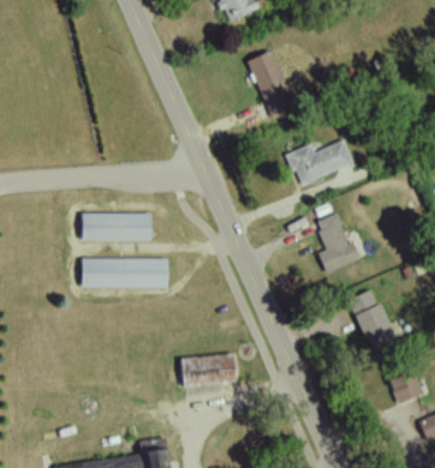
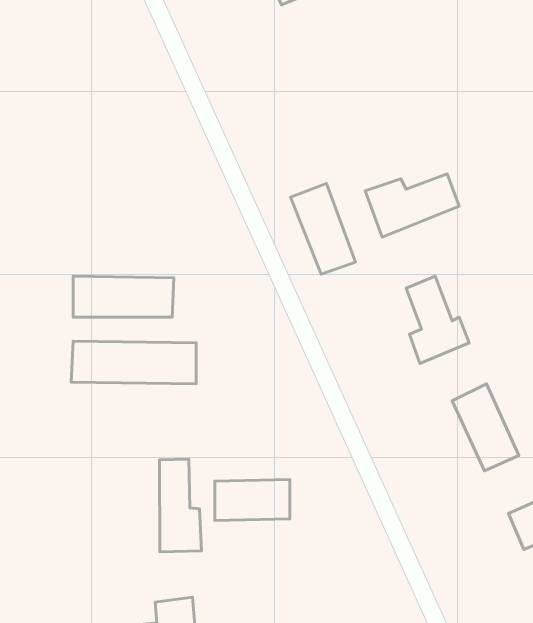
building: [248,50,293,114] -> [291,184,355,274]
building: none -> [160,459,202,552]

